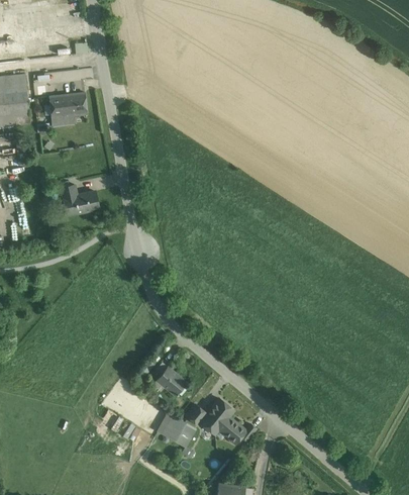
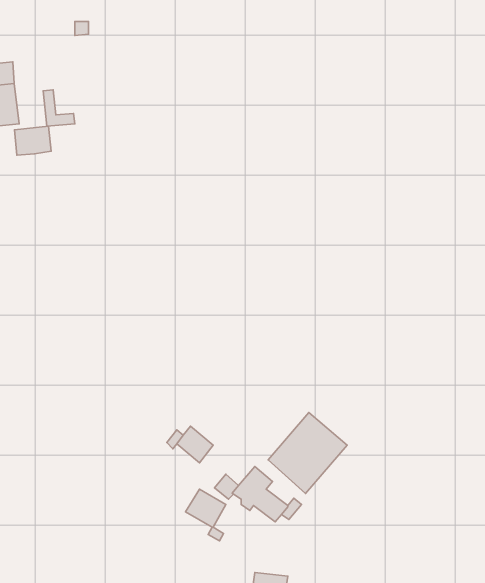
building: [58,93,87,116] -> [14,126,51,155]
building: [61,184,98,213] -> none
building: none -> [268,413,347,494]

